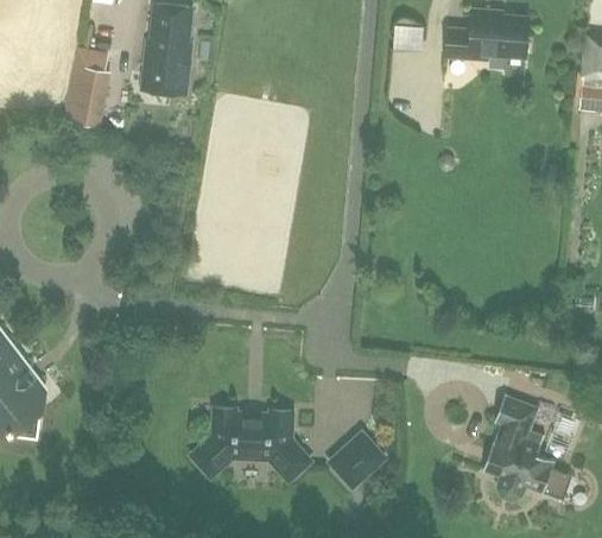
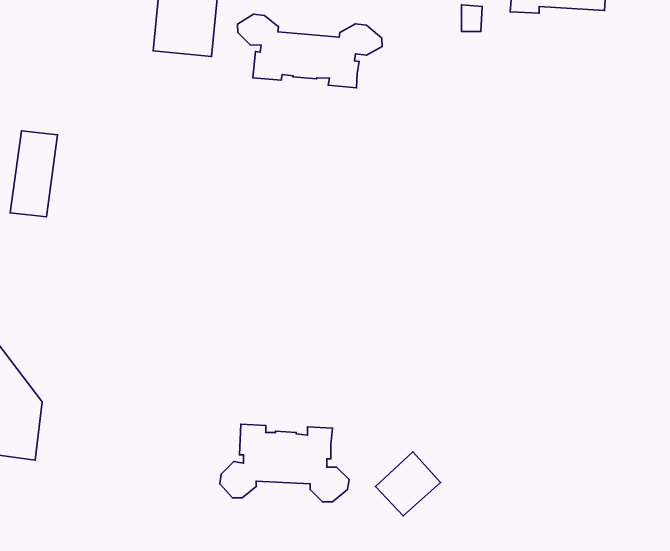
building: [68,51,108,125] -> [10,131,57,217]
building: none -> [238,14,382,88]
building: [482,397,556,502] -> none

